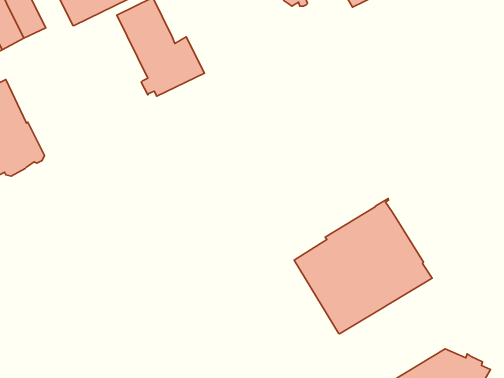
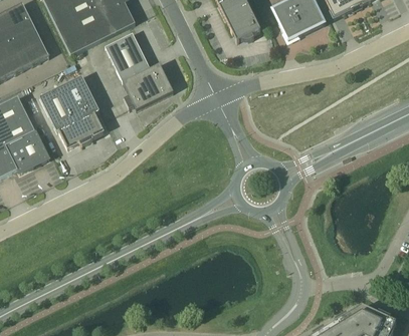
building: none -> [39,75,104,148]
building: [294,198,432,334] -> none

